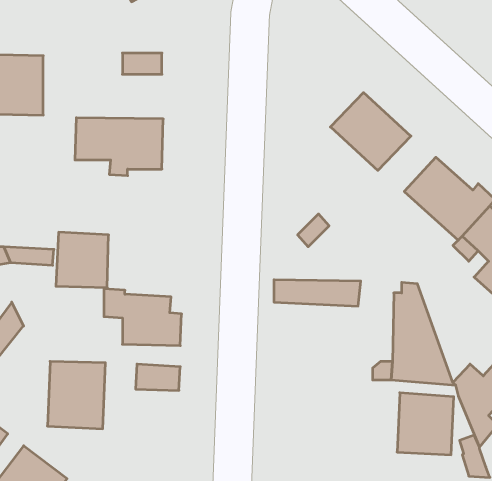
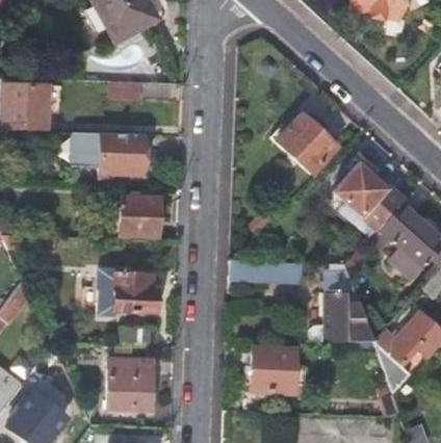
building: [56,232,109,288] -> [121,193,162,237]
building: [47,361,105,429] -> [108,358,154,411]
building: [397,393,454,455] -> [252,345,296,394]

